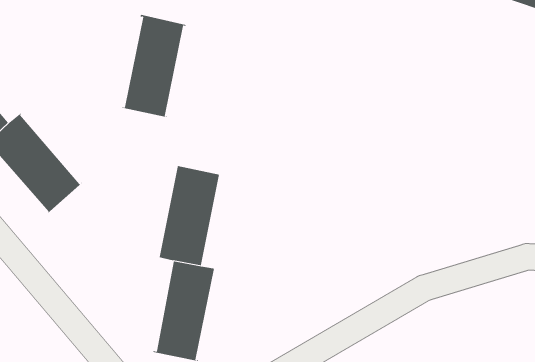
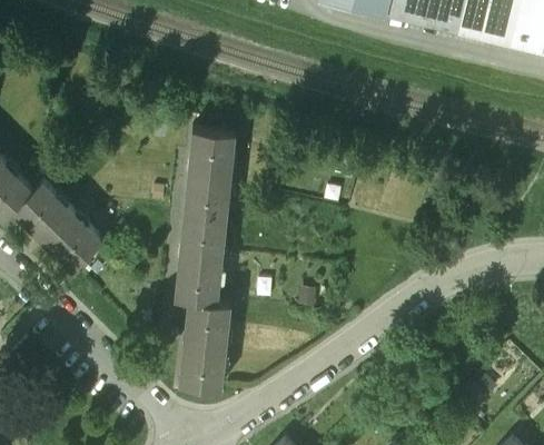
building: [120,14,186,118] -> [184,125,236,215]

